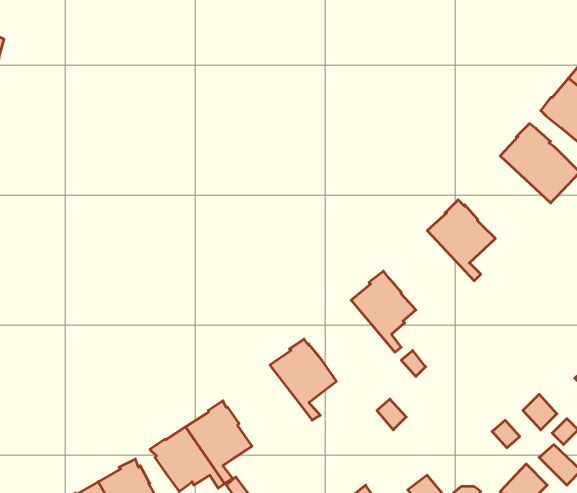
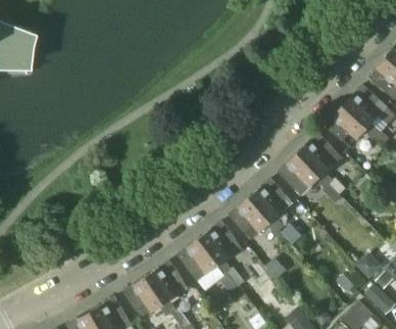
building: none -> [325,106,375,141]
building: none -> [278,153,327,195]
building: none -> [228,197,277,240]
building: none -> [177,238,243,302]

